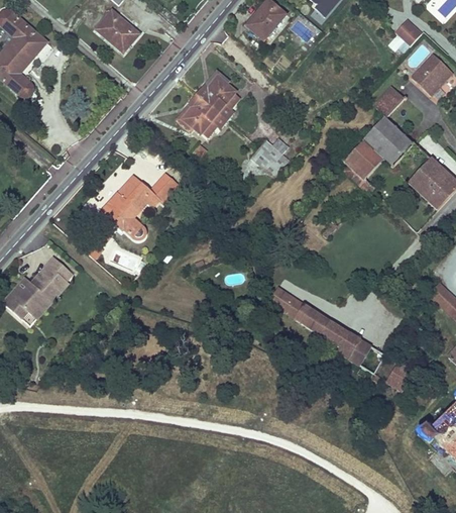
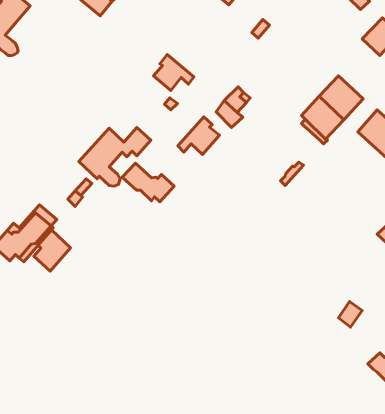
building: [197,75,235,118] -> none
building: [372,87,402,117] -> none
building: none -> [178,117,220,155]
building: none -> [122,163,174,202]
building: none -> [34,230,71,271]
building: [268,287,385,375] -> none

